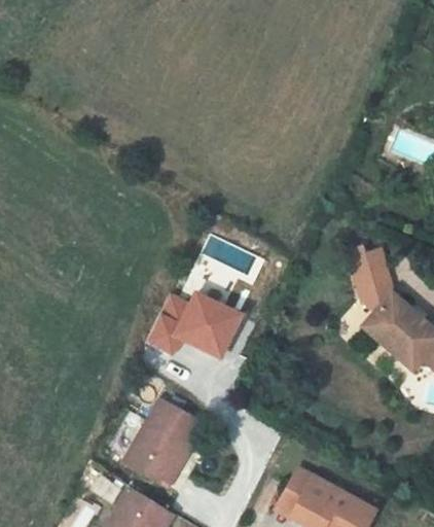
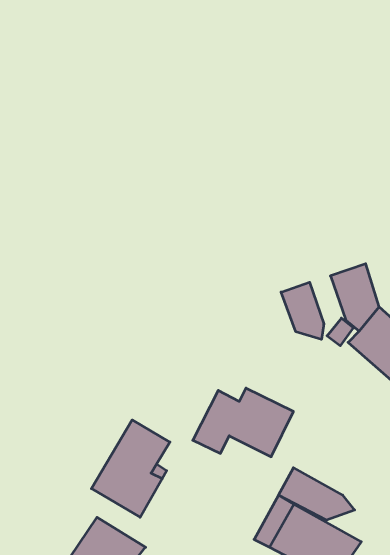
building: none -> [281,282,324,339]
building: [148,293,242,357] -> [193,388,293,457]
building: none -> [278,468,355,520]

